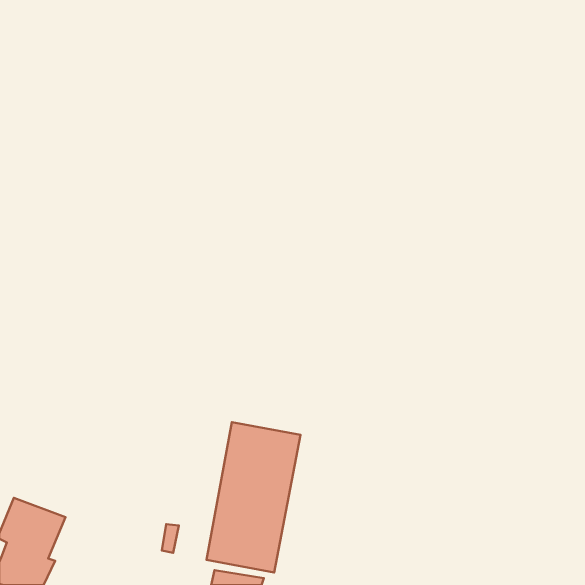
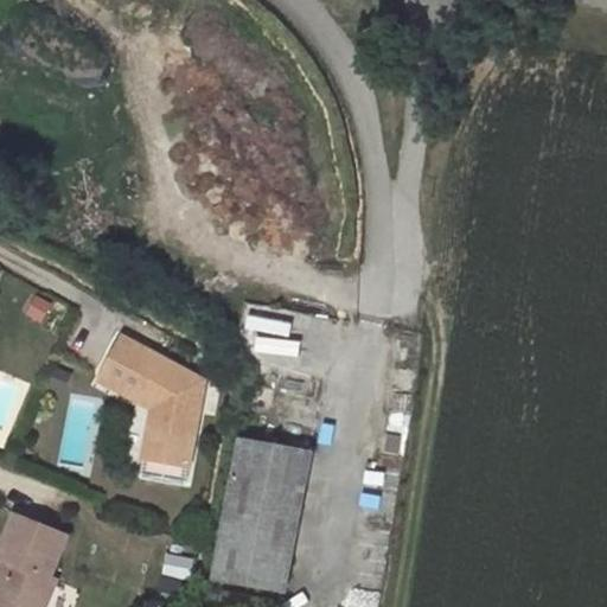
building: none -> [95,336,199,465]

